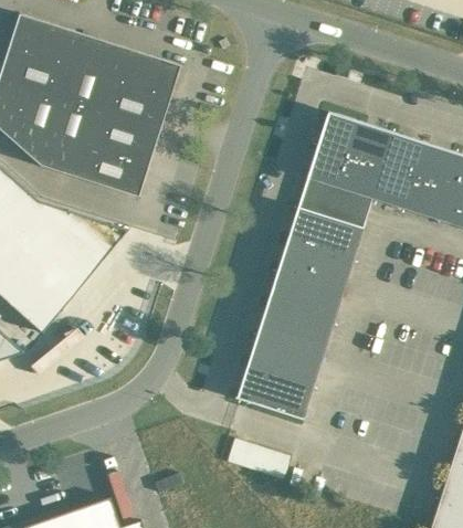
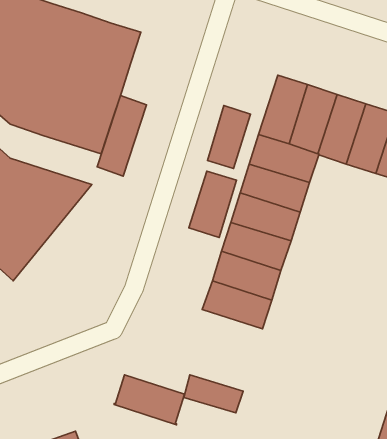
building: none -> [97,96,147,176]
building: none -> [208,106,251,169]
building: none -> [189,171,236,237]
building: [236,366,313,420] -> [114,375,185,425]

